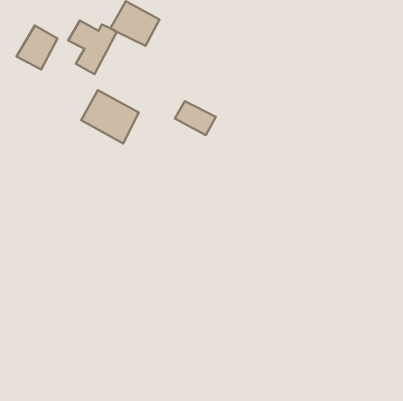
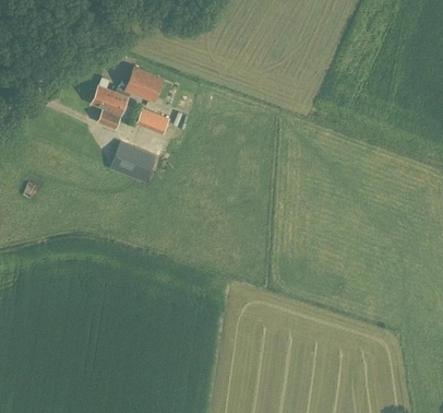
building: [17,26,58,70] -> none
building: [175,101,216,135] -> [135,108,169,134]

